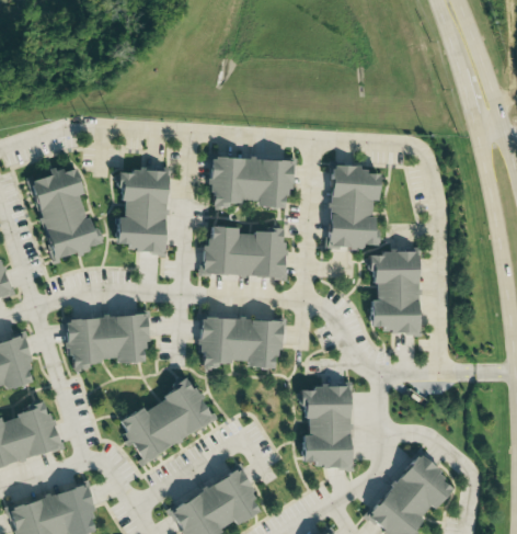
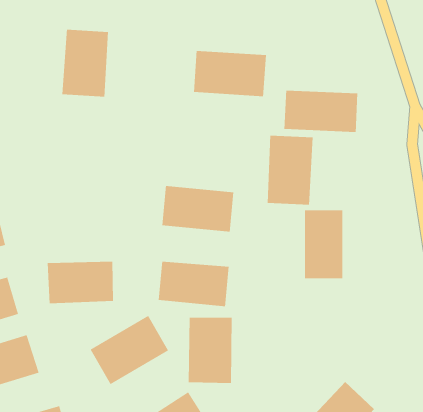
building: none -> [284,90,358,133]
building: [208,156,295,211] -> [193,50,267,97]
building: [28,167,96,257] -> none
building: [113,170,169,250] -> [61,29,109,97]
building: [301,385,354,463] -> [188,317,233,383]

